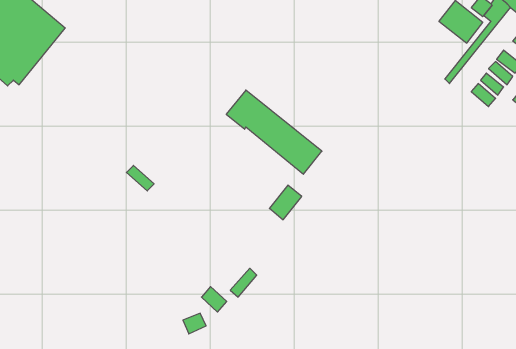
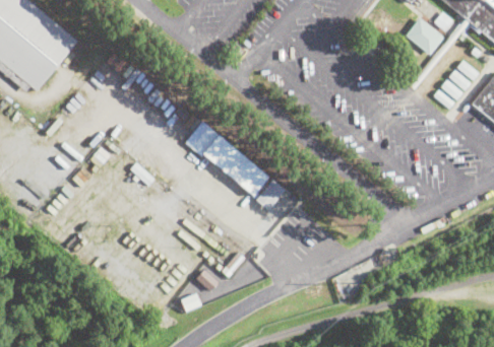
building: [226,90,322,174] -> [185,122,269,196]

